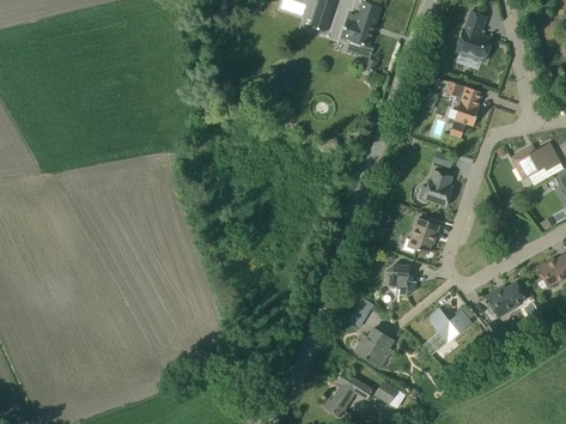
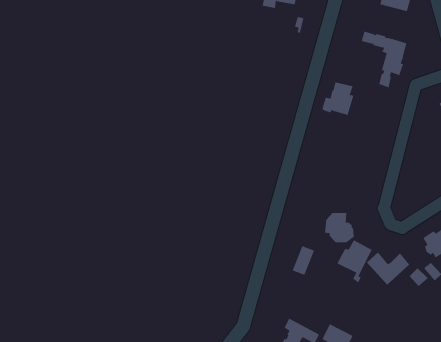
building: [418,170,452,206] -> [321,82,354,115]
building: [402,218,439,253] -> none
building: [354,327,392,372] -> [336,240,373,283]

